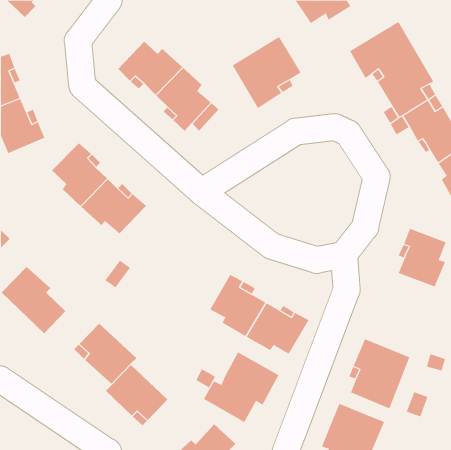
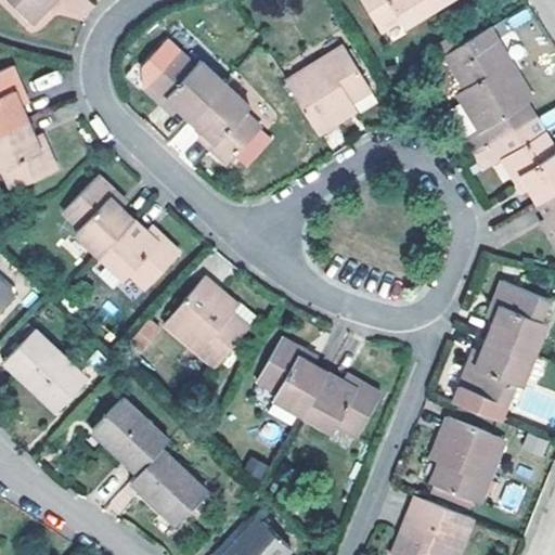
building: none -> [164,278,255,369]
building: none -> [454,337,534,421]
building: [203,351,279,423] -> none

